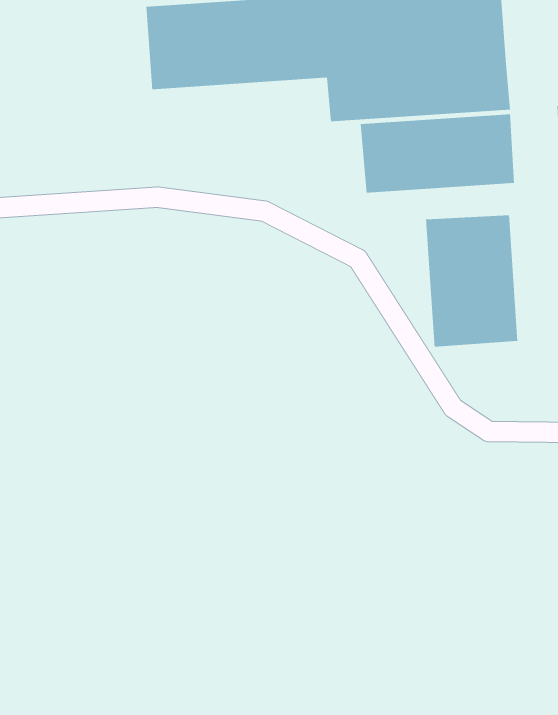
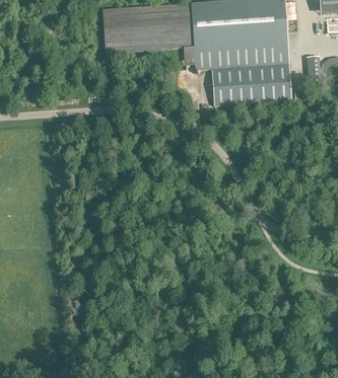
building: [426,215,518,348] -> none

